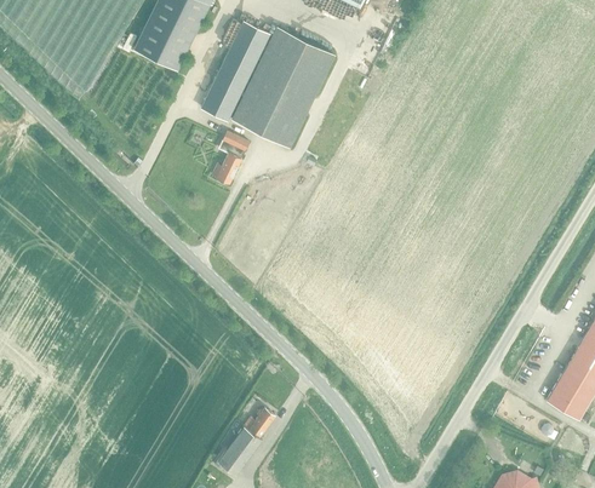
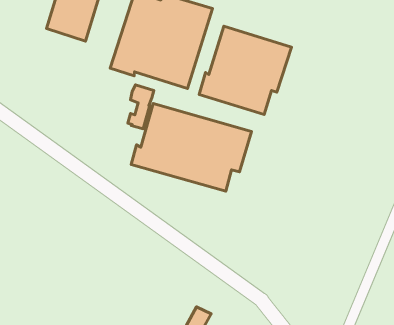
building: none -> [199,26,291,115]
building: none -> [131,104,251,191]

